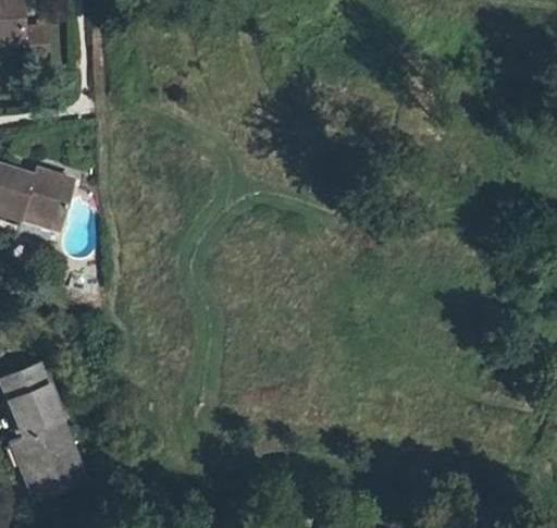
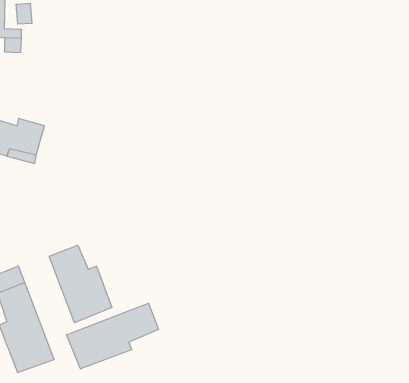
building: none -> [49,245,112,323]
building: none -> [66,303,158,369]

